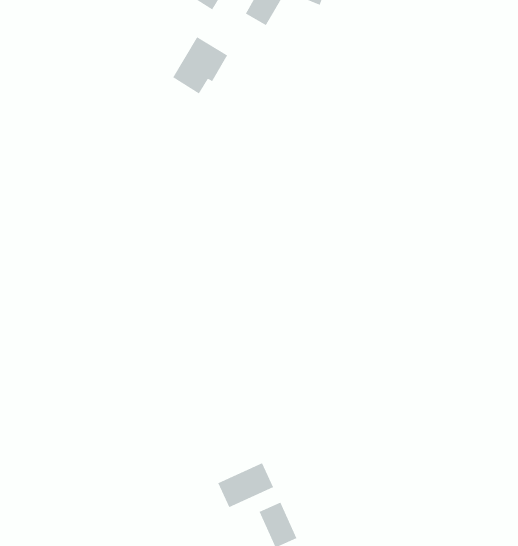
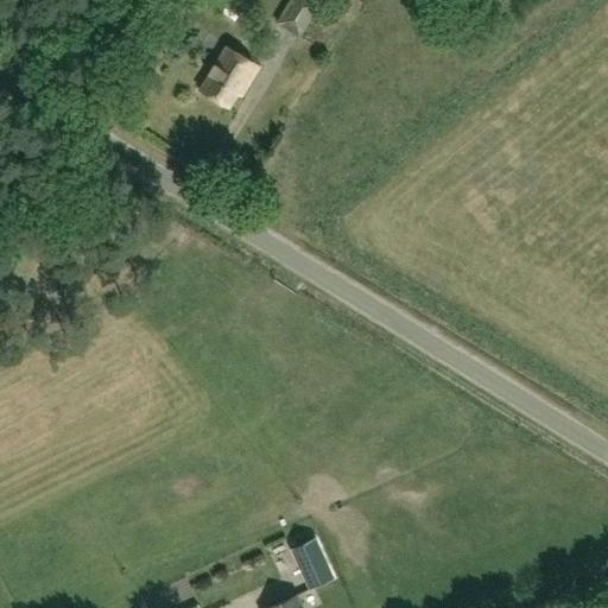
building: [217,462,274,508] -> none

